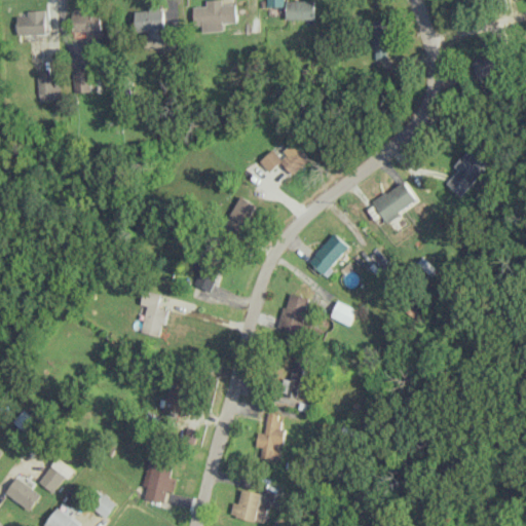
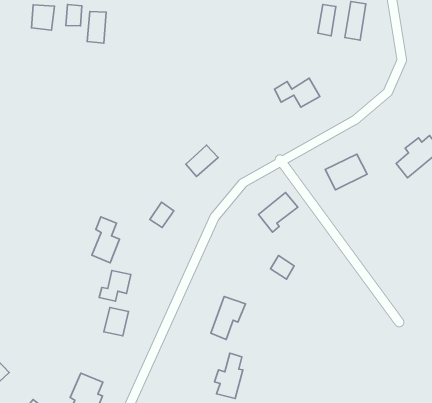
building: none -> [318,5,336,36]
building: none -> [87,11,106,43]
building: [261,144,310,176] -> [274,78,320,107]
building: [277,293,309,335] -> none
building: none -> [99,270,131,301]
building: [255,414,283,461] -> [215,353,243,399]

